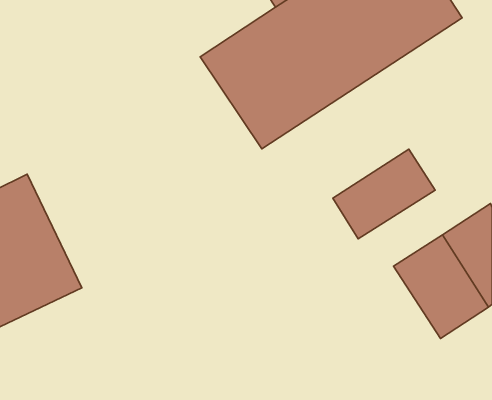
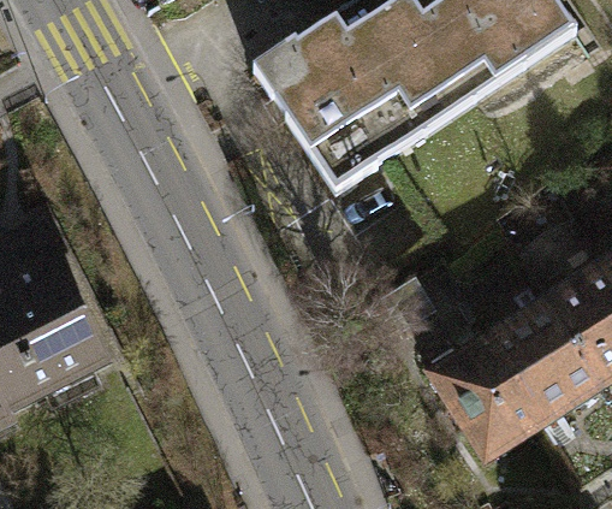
building: [333,149,435,239] -> none
building: none -> [429,332,547,460]

